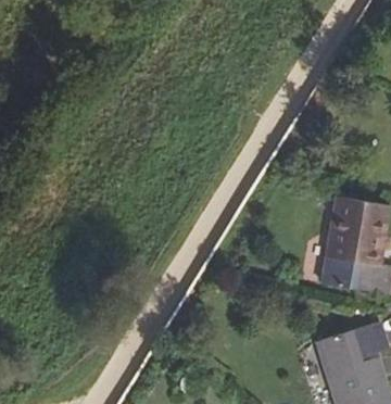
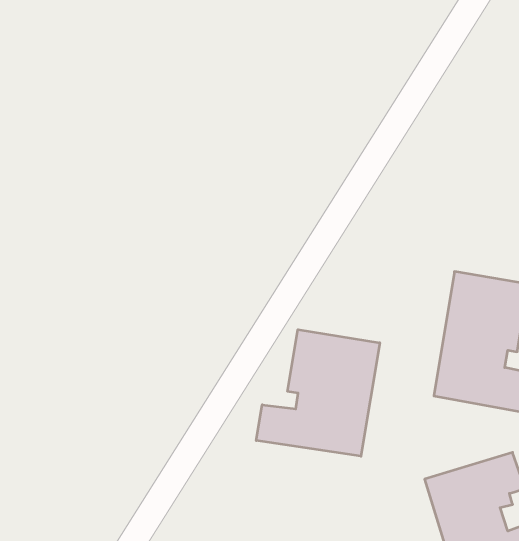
building: none -> [256,330,380,456]

